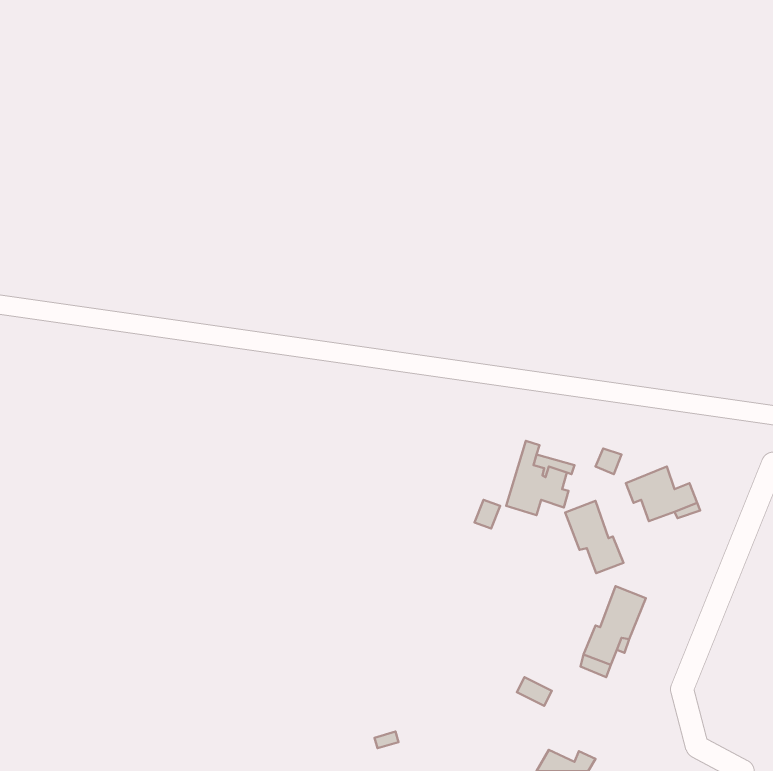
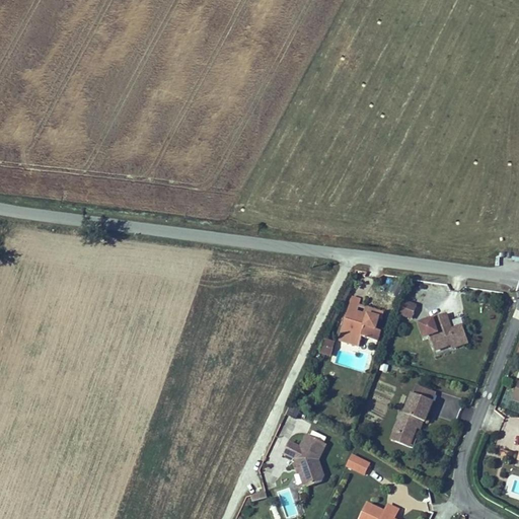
building: [565,501,623,573] -> none
building: none -> [283,434,325,485]

